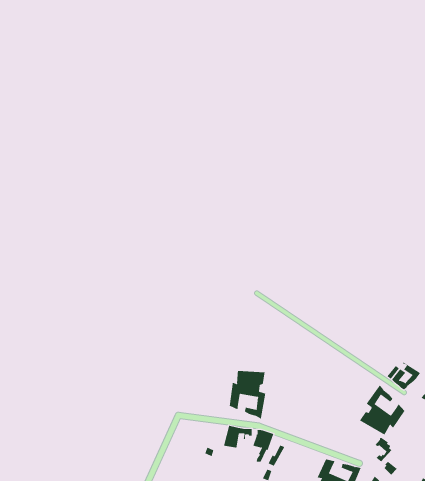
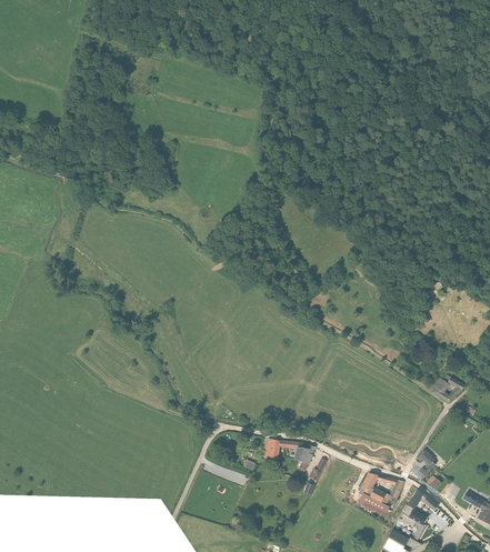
building: [229,370,266,420] -> none
building: [359,384,405,436] -> none

